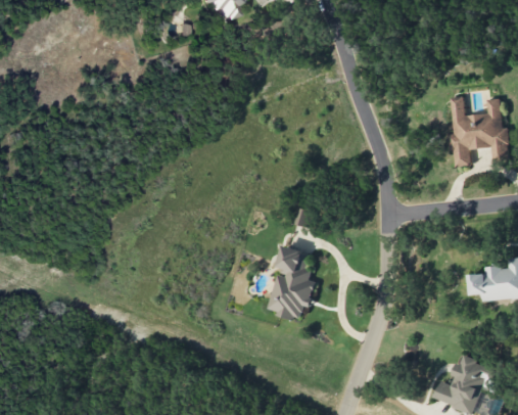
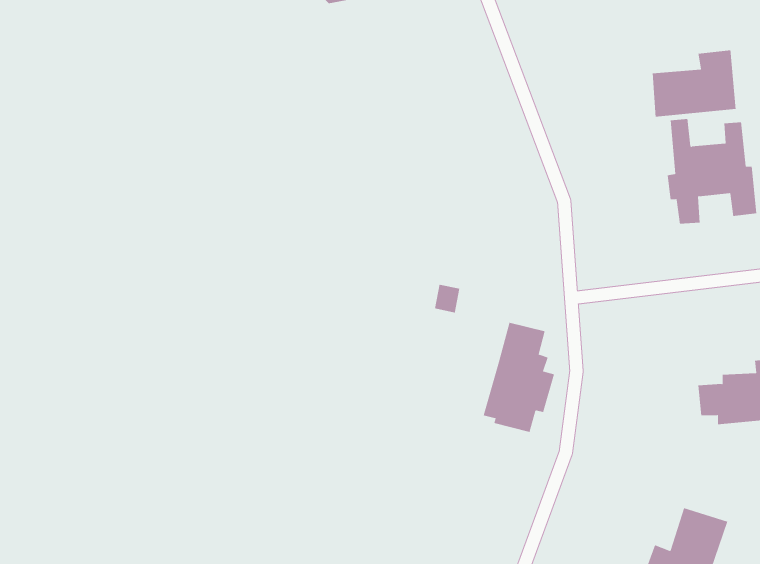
building: none -> [652,49,736,117]
building: [268,246,316,320] -> [483,322,555,432]

